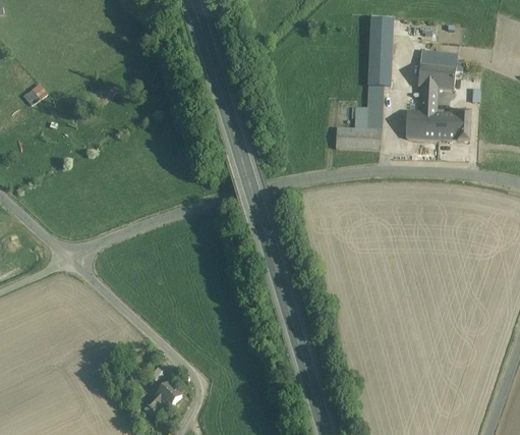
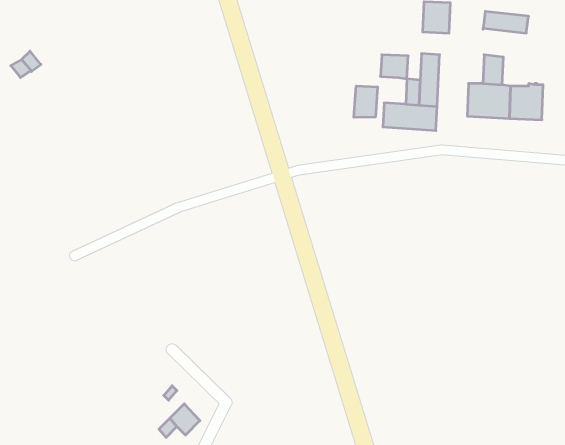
building: [417,63,456,90] -> none
building: [367,66,391,87] -> [380,55,408,79]
building: none -> [354,86,378,117]

